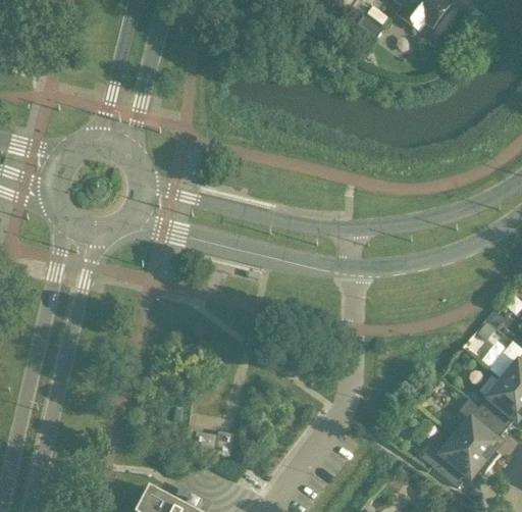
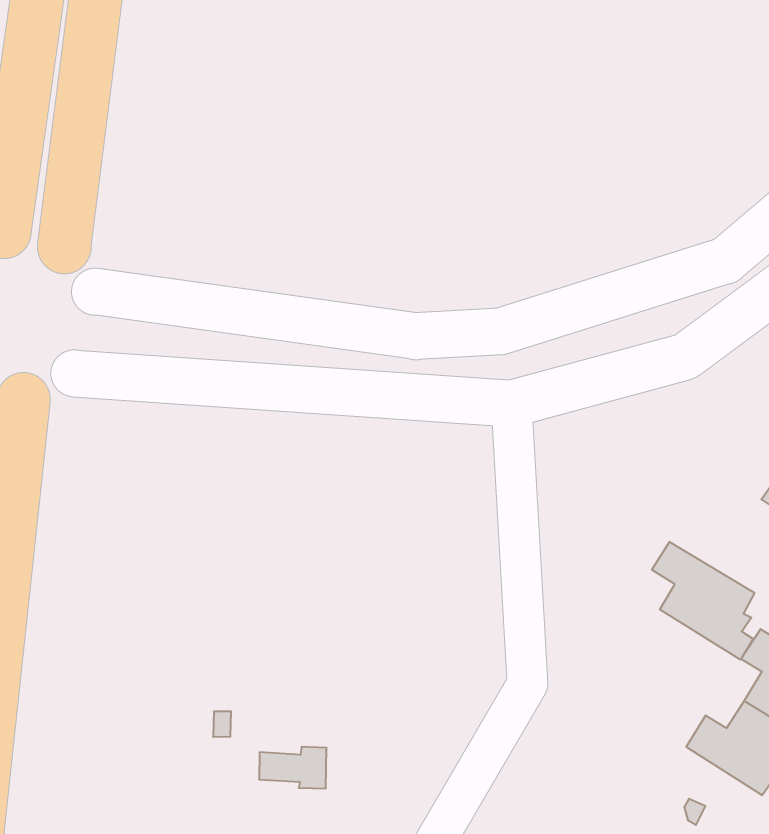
building: none -> [652,542,754,660]

